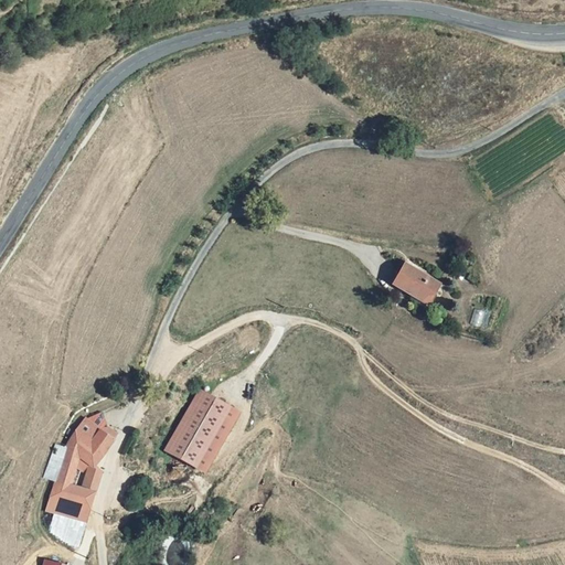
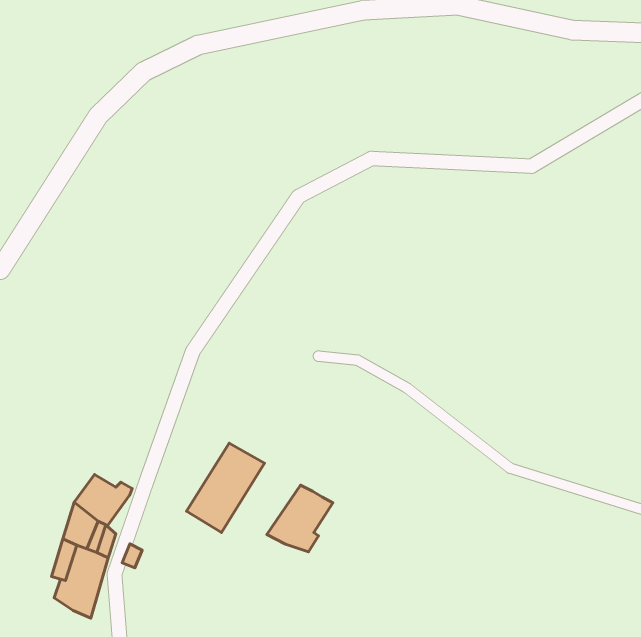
building: [395,265,441,305] -> none
building: none -> [267,485,333,552]

